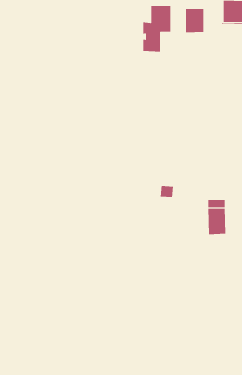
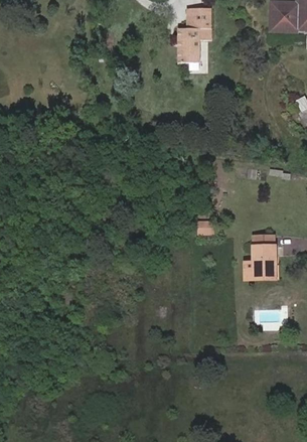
building: [186,8,204,33] -> none

